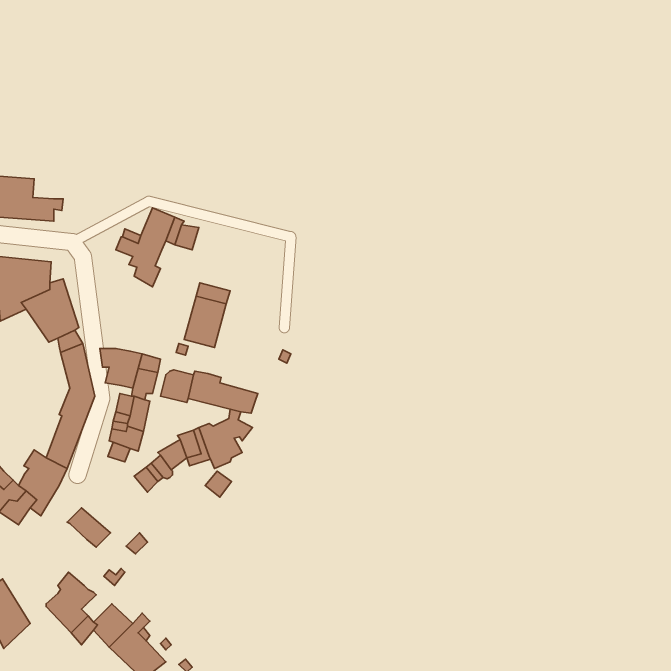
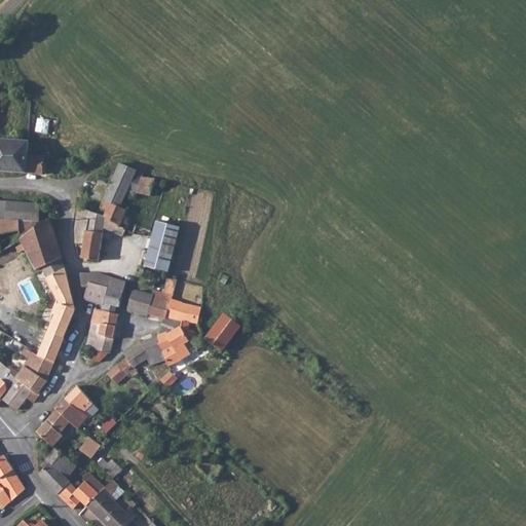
building: none -> [74,208,124,261]
building: none -> [203,313,239,350]
building: none -> [64,385,99,418]
building: none -> [34,410,68,447]

